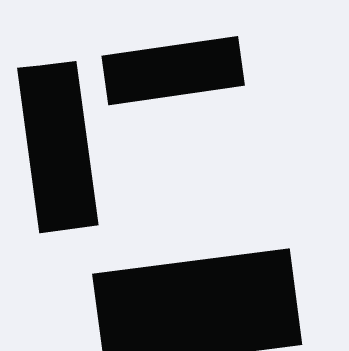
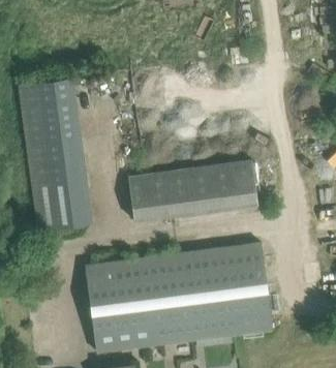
building: [101,36,246,106] -> [127,160,255,222]

